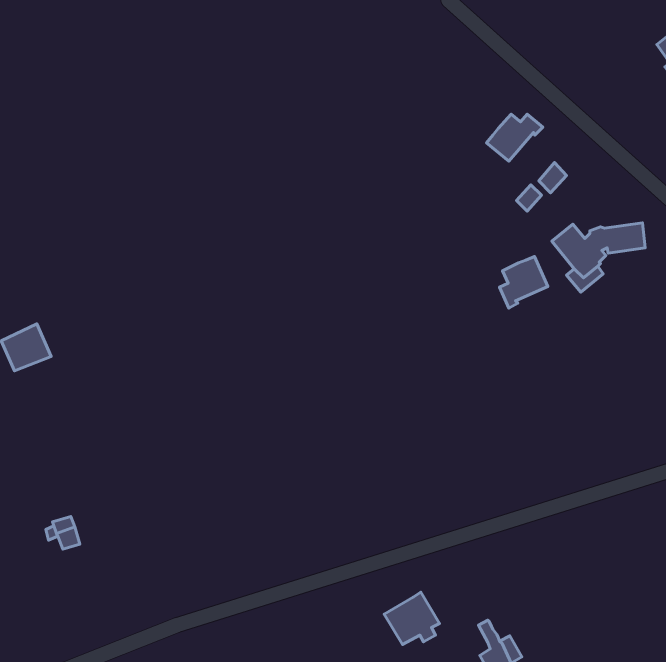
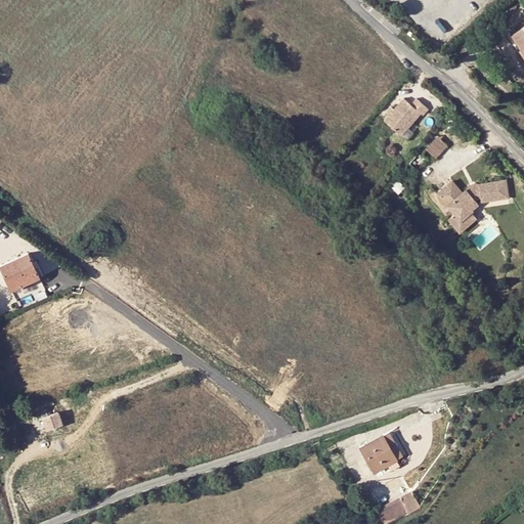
building: [499,256,548,308] -> none
building: [384,592,439,644] -> [363,436,406,477]

